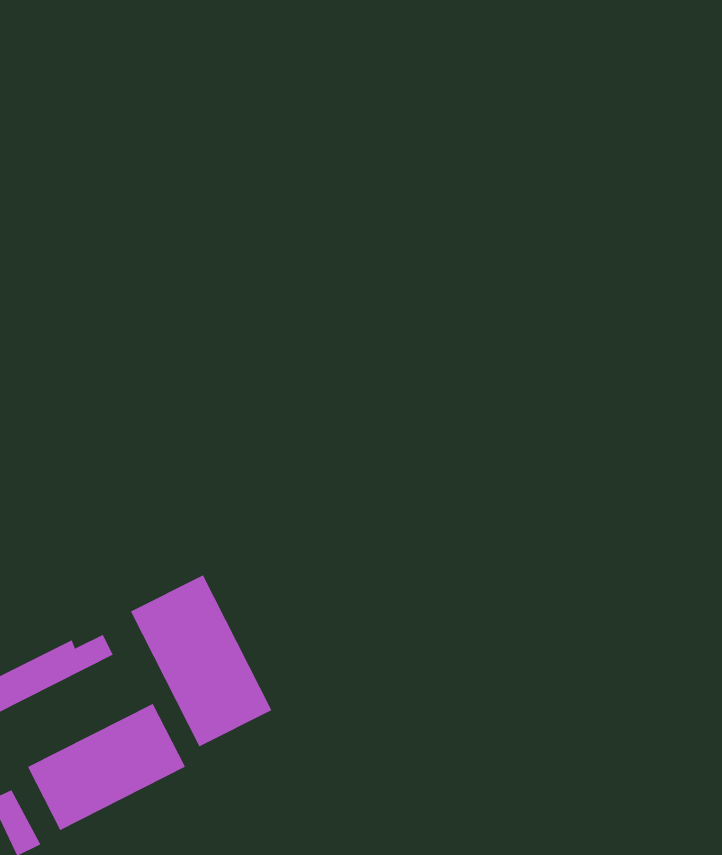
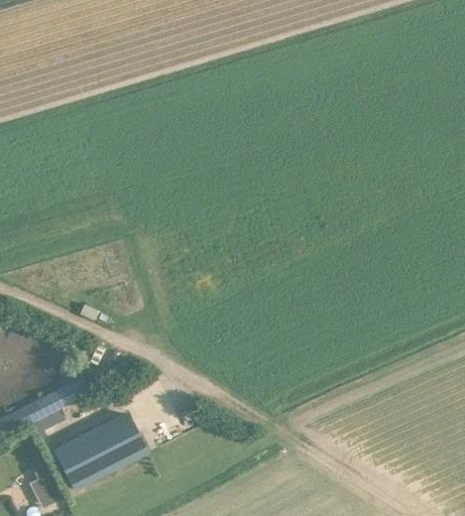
building: [130,575,272,747] -> none

